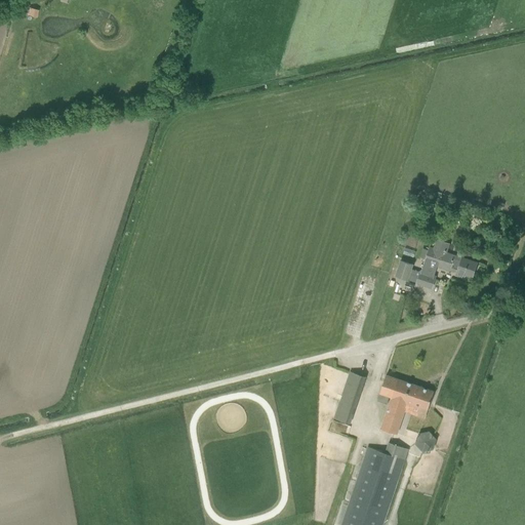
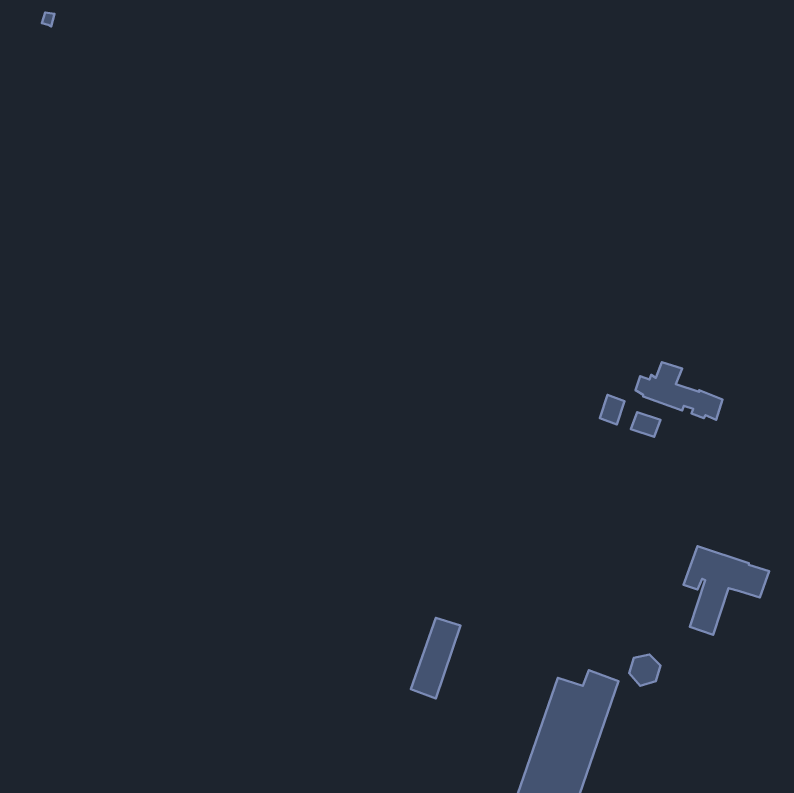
building: [333,372,366,426] -> [411,618,461,699]
building: [377,376,434,435] -> [684,546,769,635]

